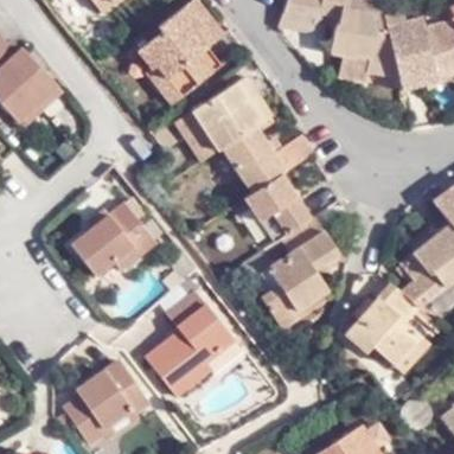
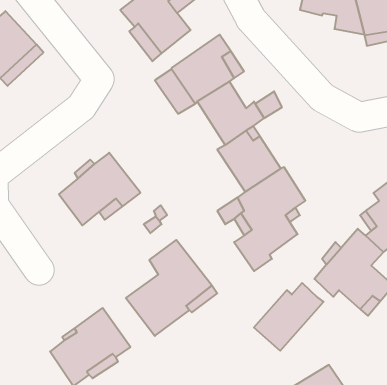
building: none -> [254,283,324,351]

